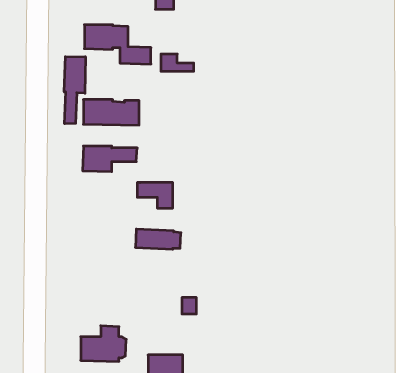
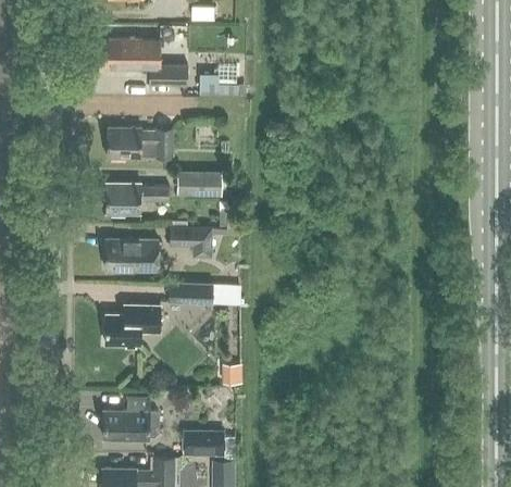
building: [64,57,85,124] -> none
building: none -> [177,170,223,193]
building: none -> [104,239,159,270]
building: none -> [105,304,160,345]

